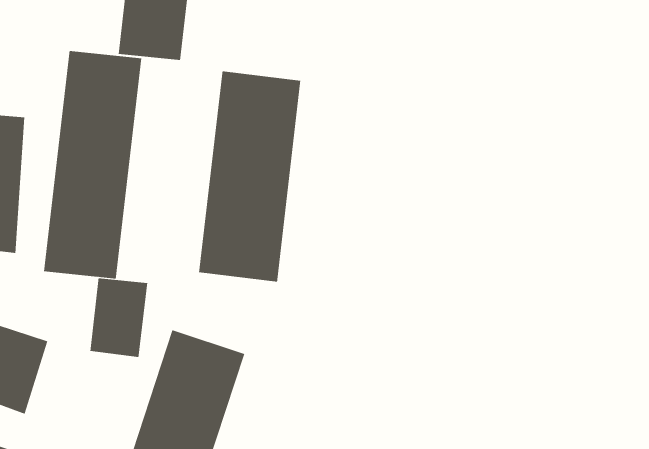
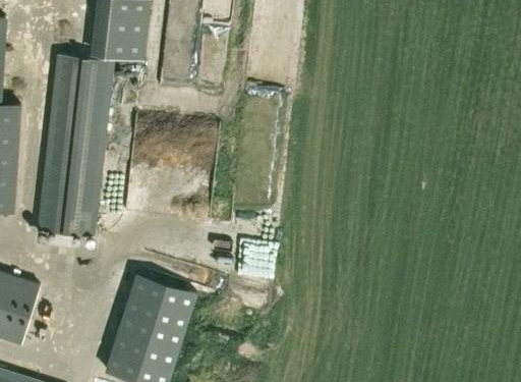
building: [199,70,301,283] -> none
building: [90,277,148,358] -> none

